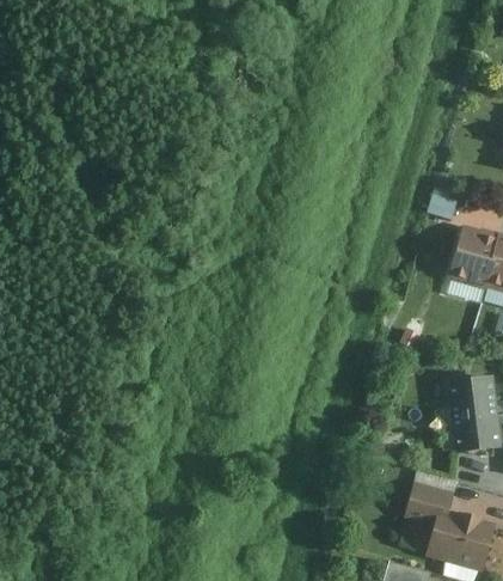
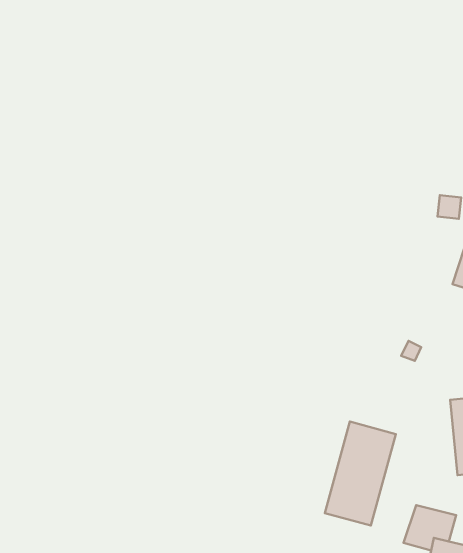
building: none -> [325,422,396,526]

